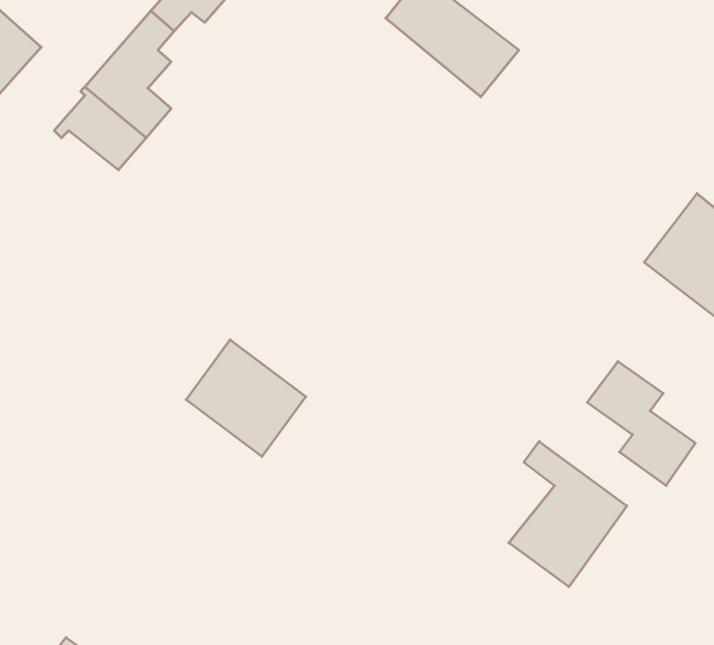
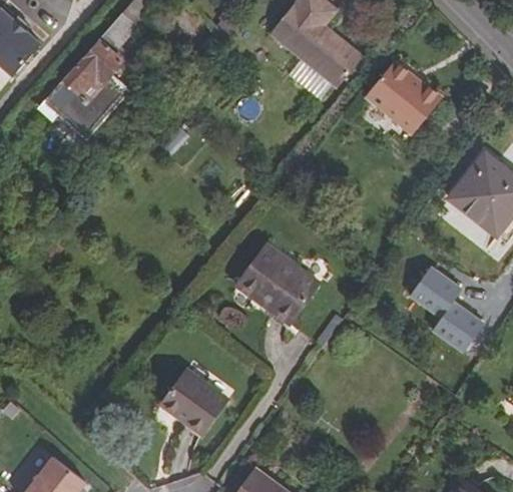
building: none -> [366,62,440,133]
building: [186,340,306,457] -> [236,247,319,327]
building: [509,441,627,587] -> none
building: none -> [161,372,225,434]

